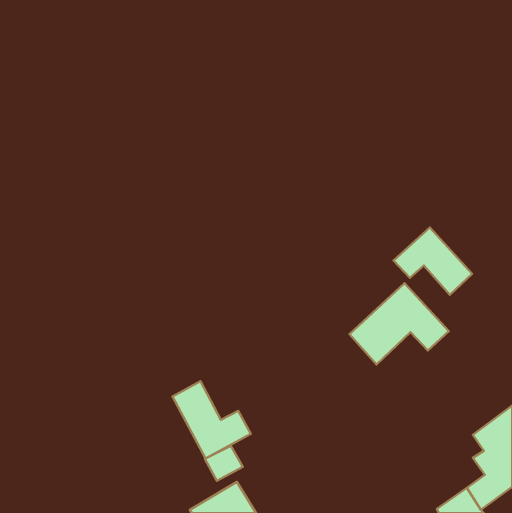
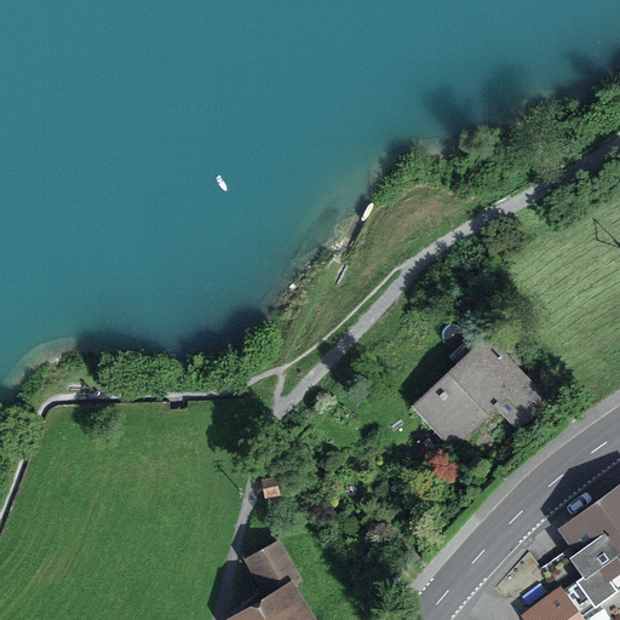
building: [394,227,472,295] -> none
building: [173,381,251,458] -> none

